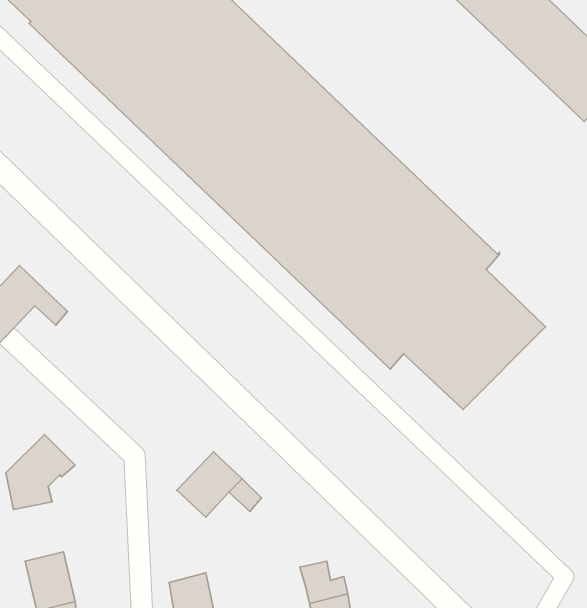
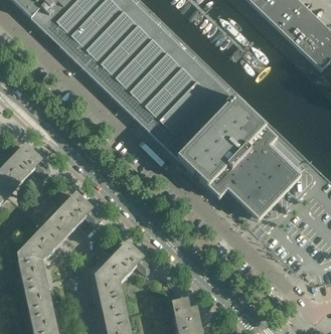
building: none -> [38,193,101,248]
building: none -> [96,262,123,310]
building: none -> [22,268,48,299]

